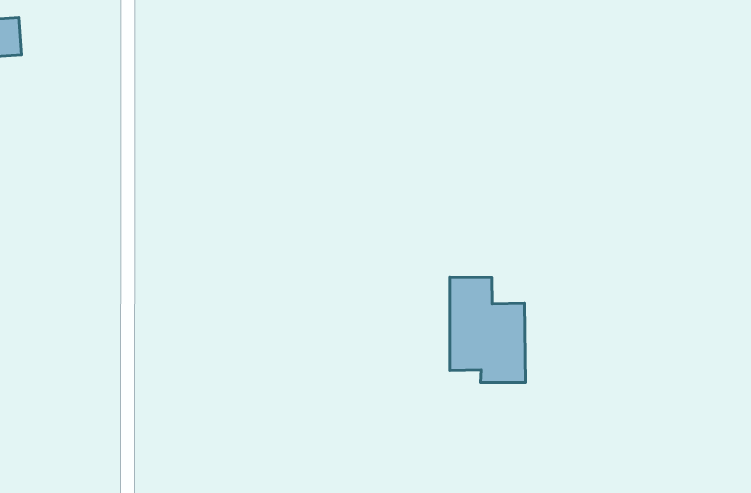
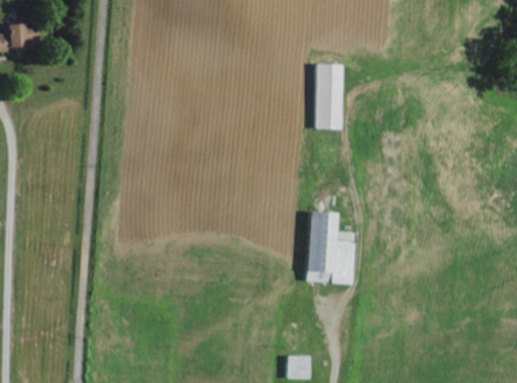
building: none -> [315,65,343,129]

